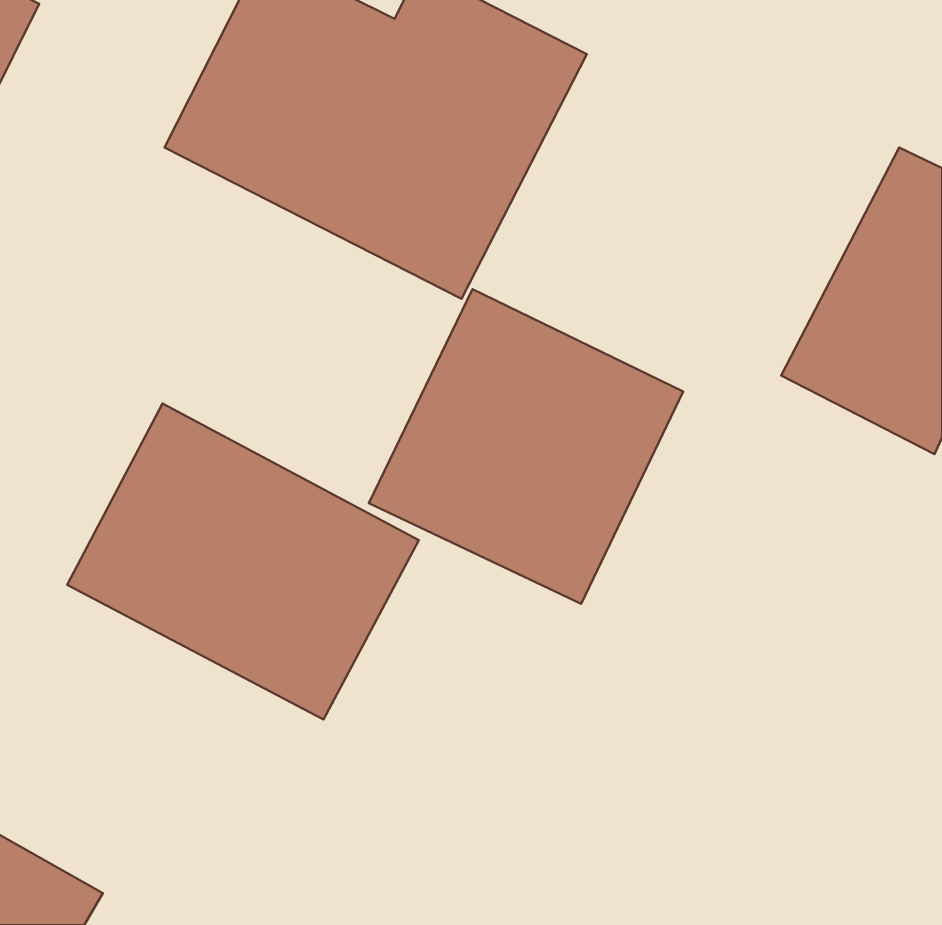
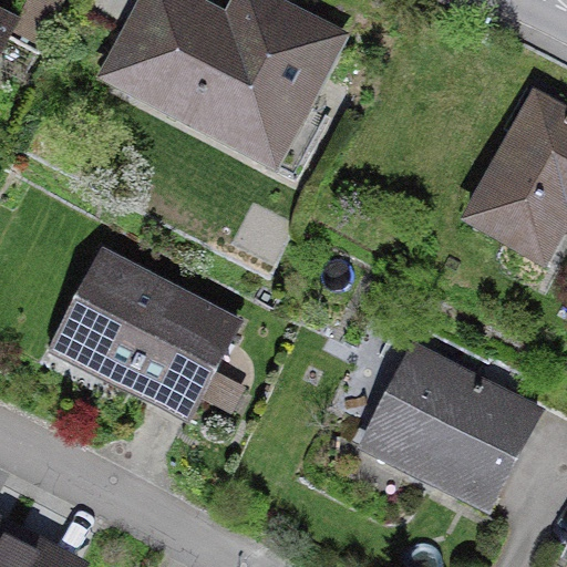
building: [369,289,683,604] -> none
building: none -> [353,348,548,525]

